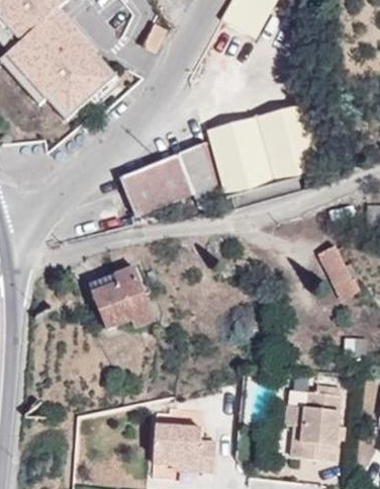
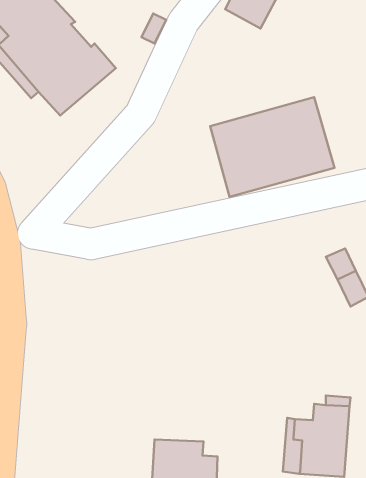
building: [119,141,220,214] -> none
building: [88,264,155,328] -> none

